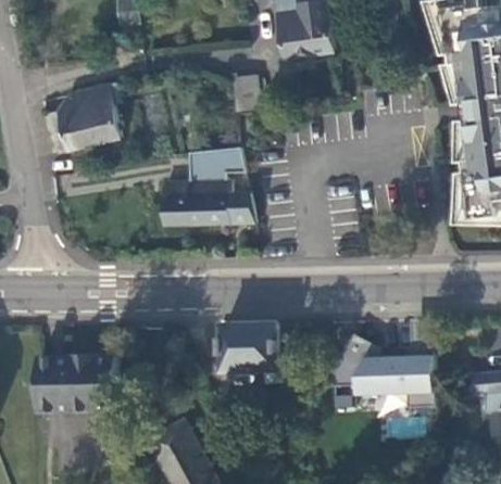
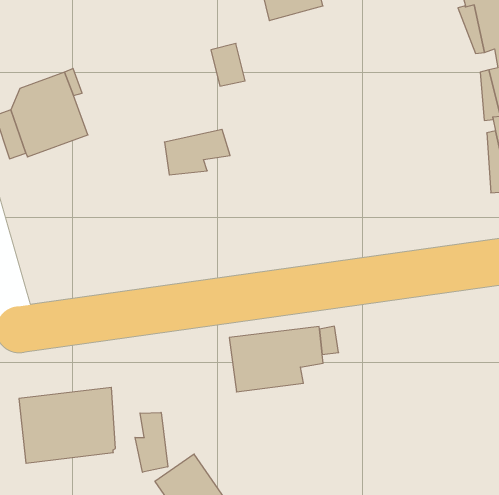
building: [164,180,254,224] -> none
building: [329,337,428,404] -> none
building: none -> [135,412,168,472]

